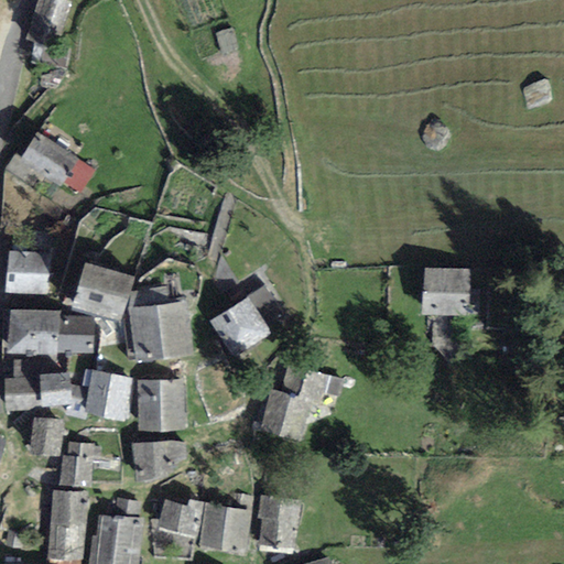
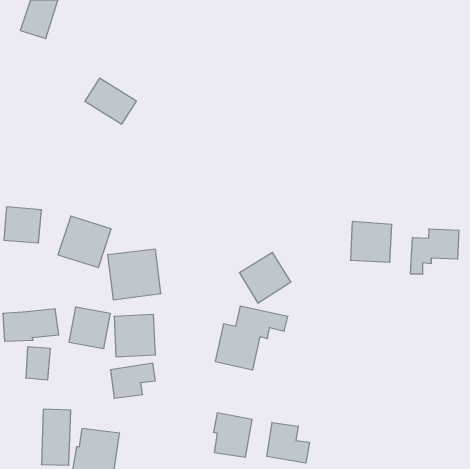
building: [19,131,80,186] -> [85,78,136,124]
building: none -> [411,229,459,274]
building: [209,293,271,354] -> [239,252,291,303]
building: [4,306,94,355] -> none
building: [59,444,100,486] -> none
building: [154,498,251,552] -> none
building: none -> [267,422,309,463]

